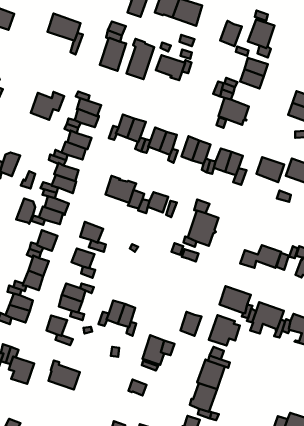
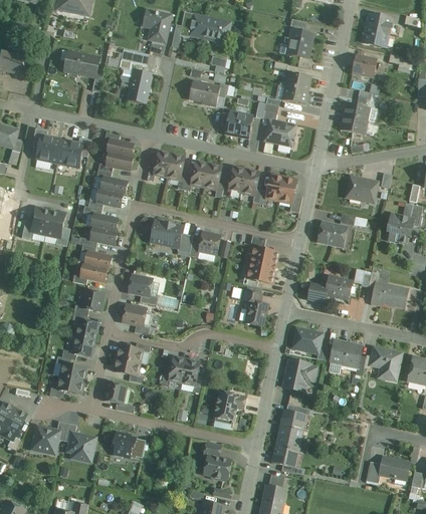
building: [220,21,242,46] -> none
building: [127,39,154,79] -> none
building: none -> [31,126,61,162]
building: none -> [224,111,252,137]
building: [256,157,284,182] -> [316,221,346,246]
building: [16,198,35,224] -> [44,210,63,237]
building: [181,312,202,336] -> [245,300,266,325]
building: none -> [203,454,231,480]

